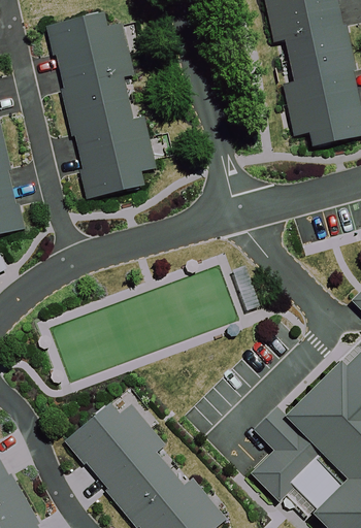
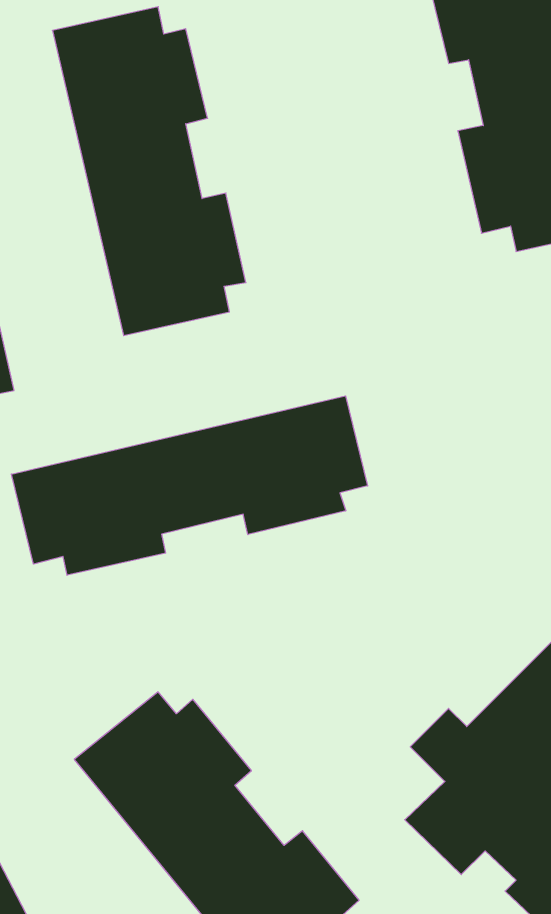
building: none -> [11,396,368,575]

